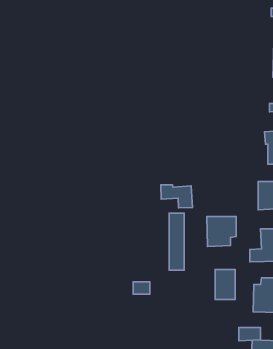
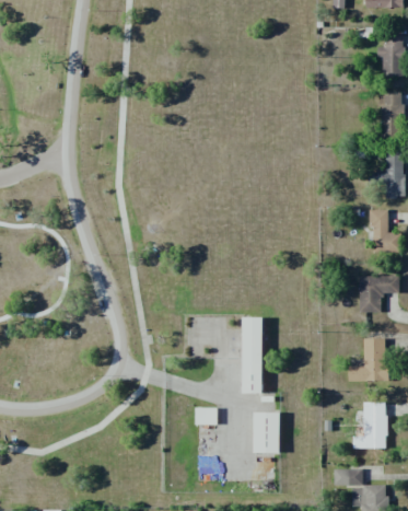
building: [161,185,193,208] -> none
building: [207,216,236,246] -> none
building: [215,270,235,299] -> [253,413,279,452]

